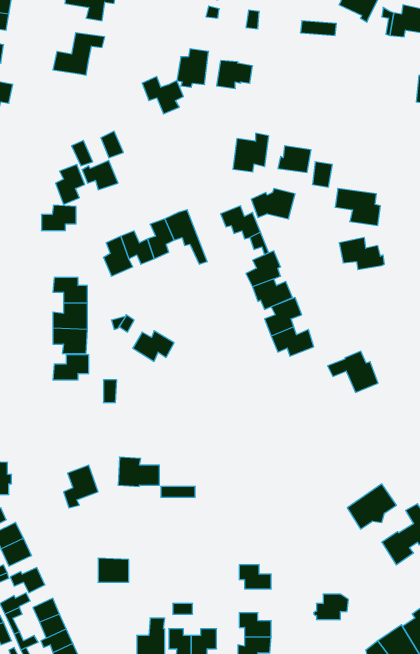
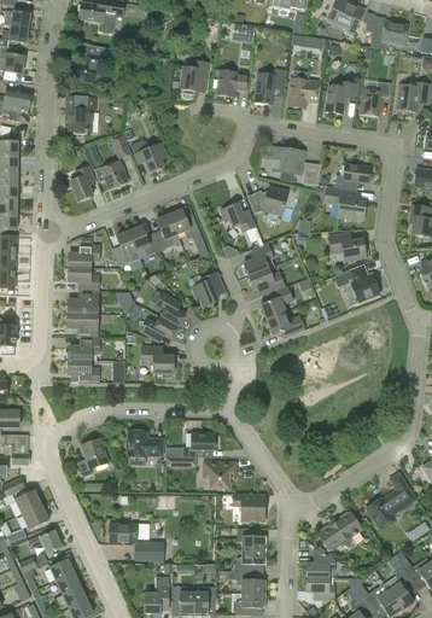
building: none -> [287,77,321,107]
building: none -> [325,81,356,113]
building: none -> [360,81,391,115]
building: [142,77,183,114] -> [130,138,168,171]
building: none -> [65,97,94,132]
building: [233,133,269,172] -> [253,68,286,103]
building: none -> [334,163,369,190]
building: [41,205,76,231] -> [69,244,100,267]
building: none -> [192,270,226,305]
building: none -> [154,290,185,326]
building: [328,351,378,392] -> [333,263,379,301]
building: none -> [140,344,173,373]
building: none -> [68,360,99,383]
building: none -> [165,432,214,456]
building: [347,484,396,529] -> [317,509,362,550]
building: none -> [202,460,237,488]
building: none -> [233,492,264,520]
building: none -> [134,541,163,561]
building: none -> [234,549,265,571]
building: none -> [304,577,334,600]

